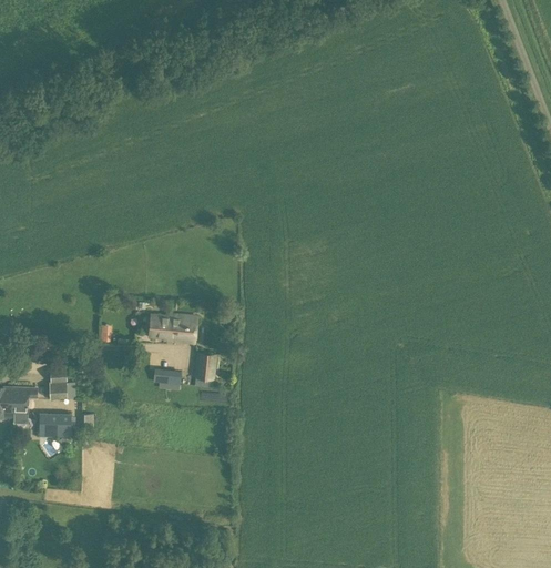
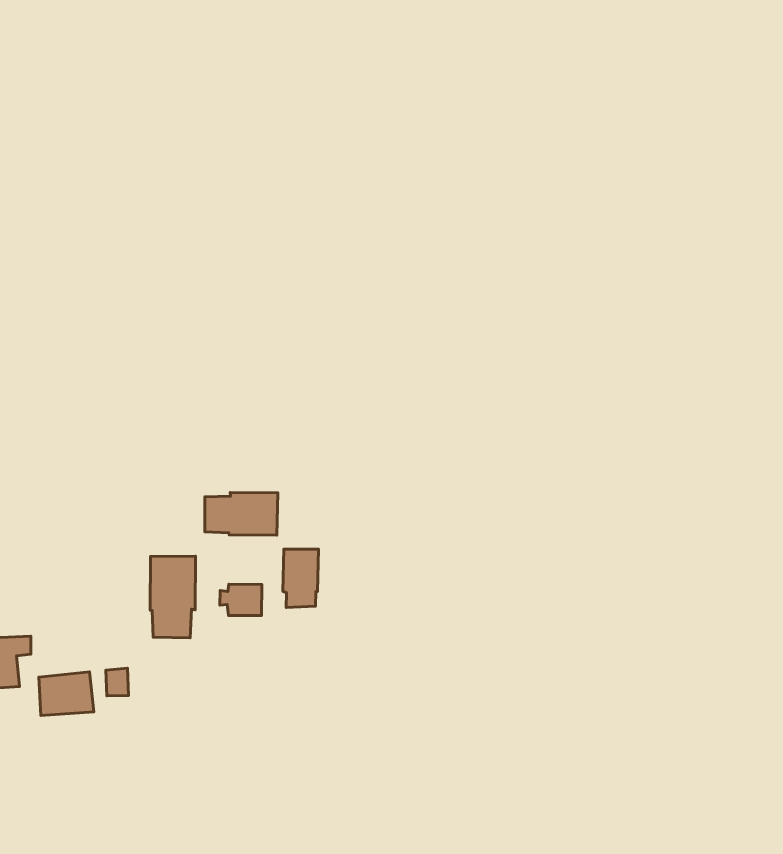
building: none -> [150,556,196,638]
building: [48,368,73,399] -> none

